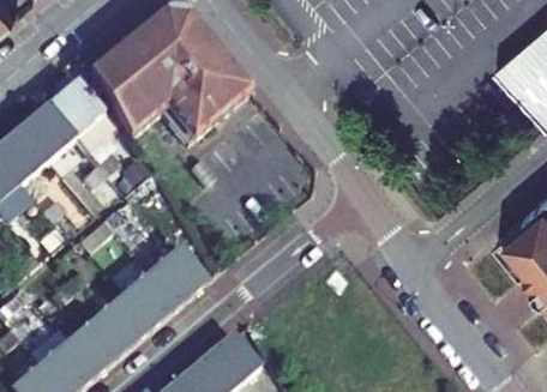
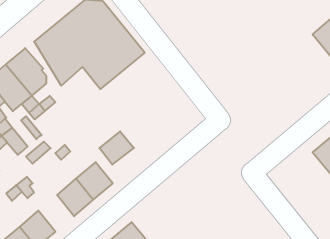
building: none -> [99,131,134,165]
building: [95,295,148,349] -> none

